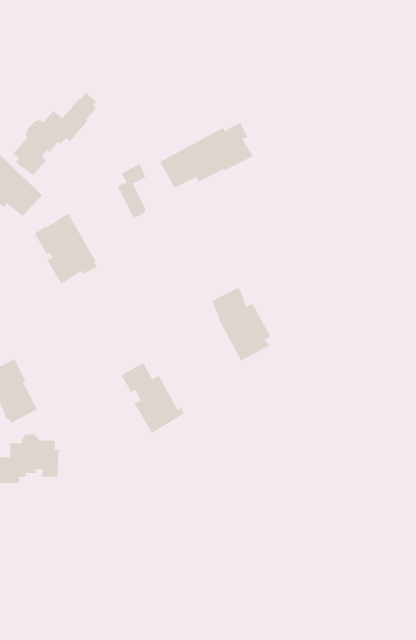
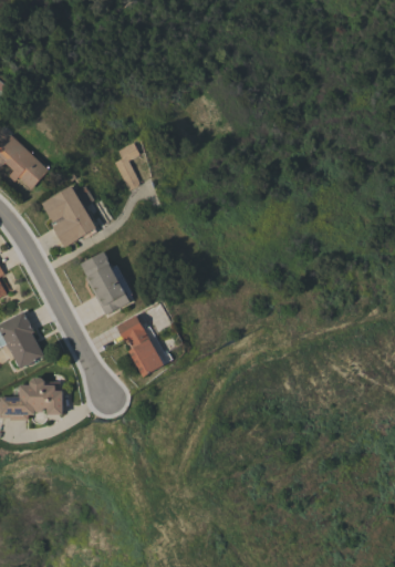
building: [13,92,97,176] -> none
building: [159,122,254,188] -> none
building: [211,287,271,361] -> [80,250,132,315]

